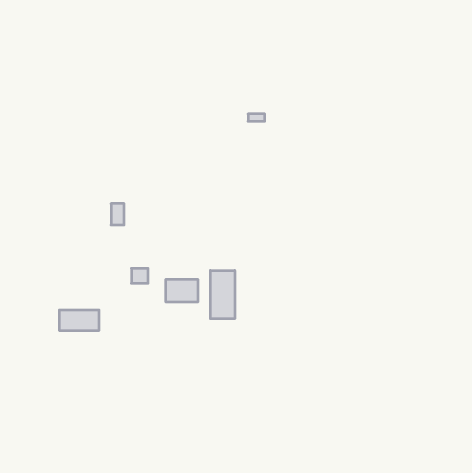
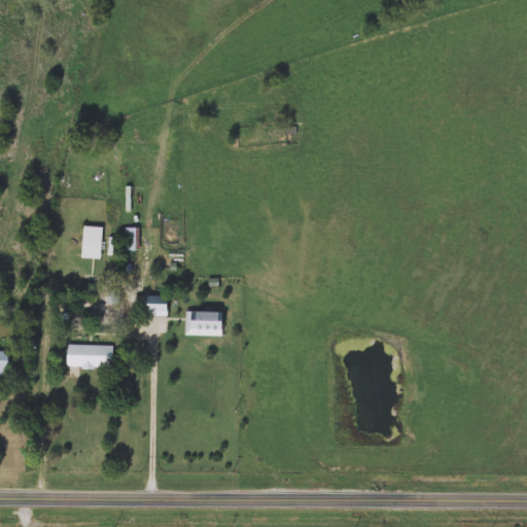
building: none -> [82,226,102,257]
building: [210,270,235,319] -> none

